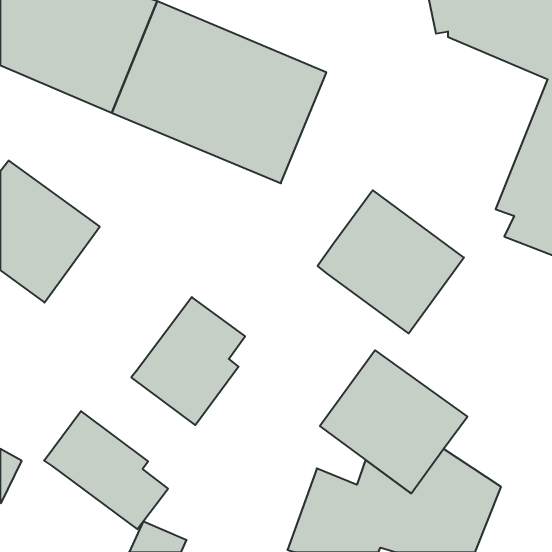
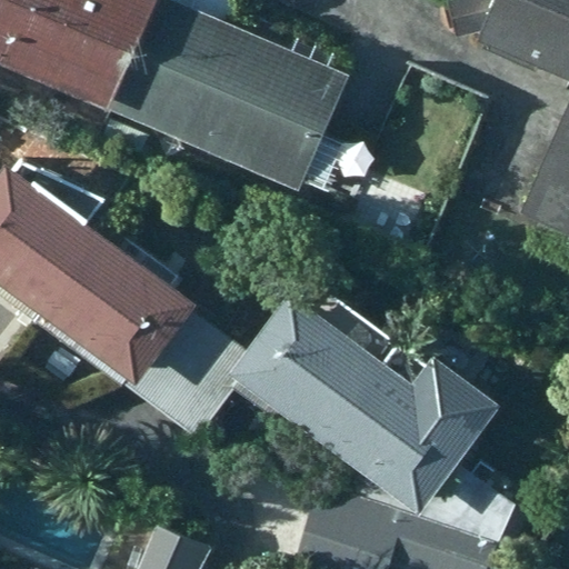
building: [318,190,464,333] -> [237,290,387,437]
building: none -> [48,232,199,380]
building: [44,411,168,529] -> none

